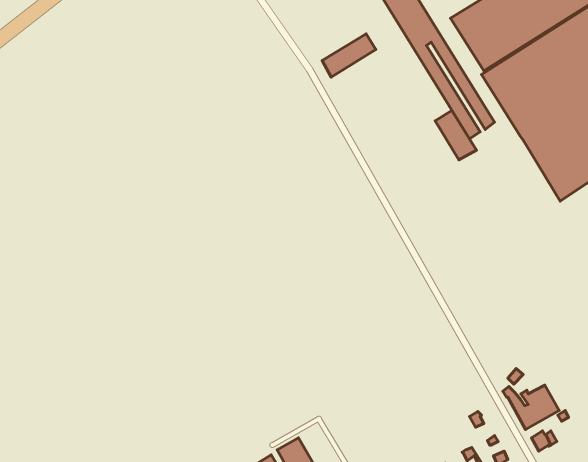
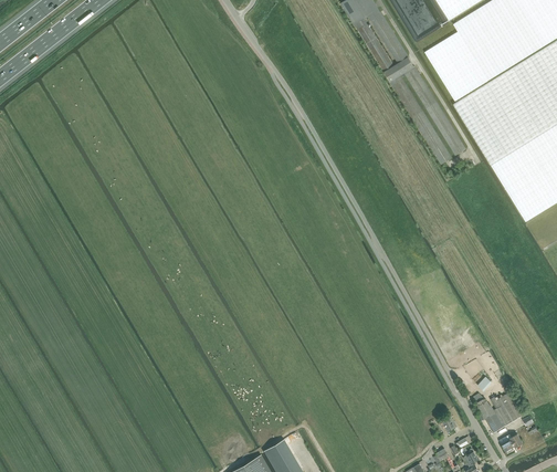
building: [322,34,376,77] -> none
building: [435,110,477,160] -> none

